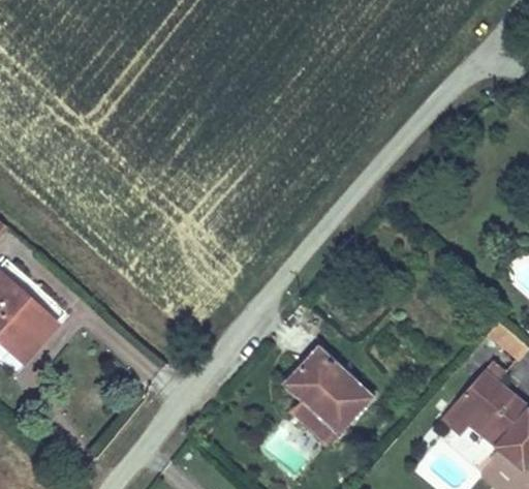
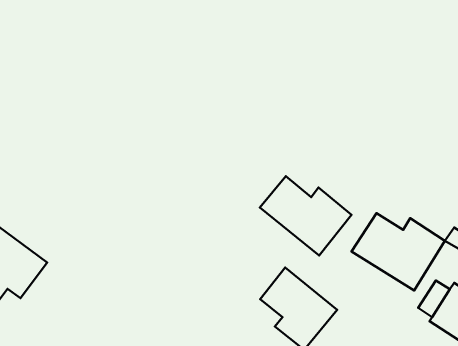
building: none -> [260,176,351,256]
building: none -> [352,213,445,291]

